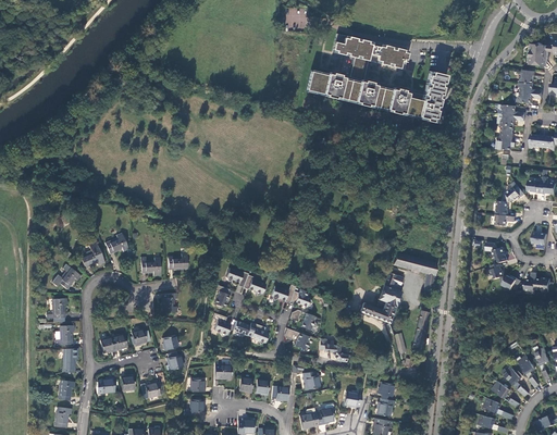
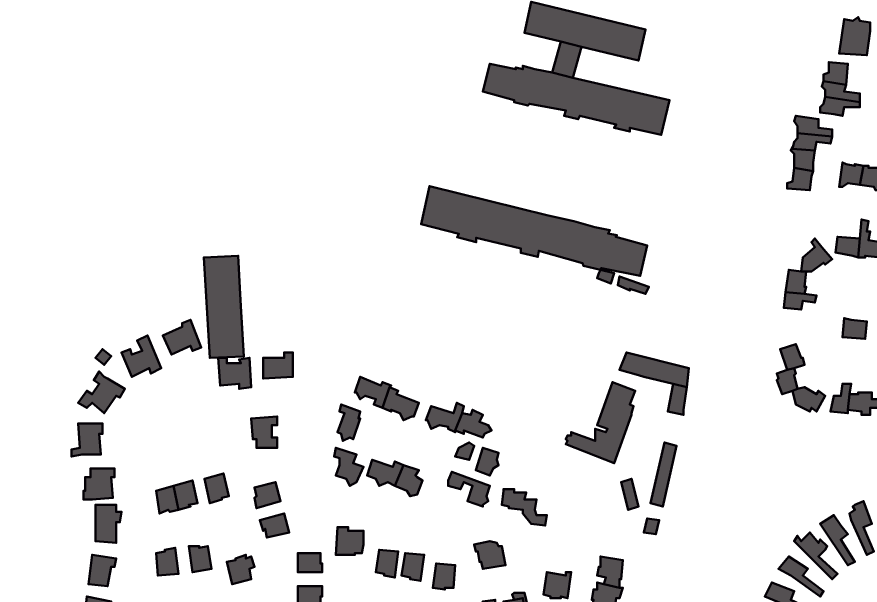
building: [418,71,445,123] -> none
building: none -> [421,186,647,276]
building: none -> [204,256,244,358]

